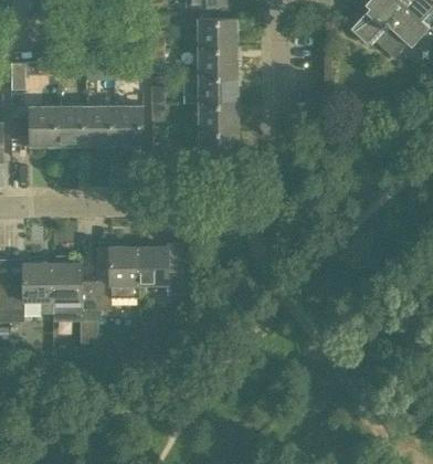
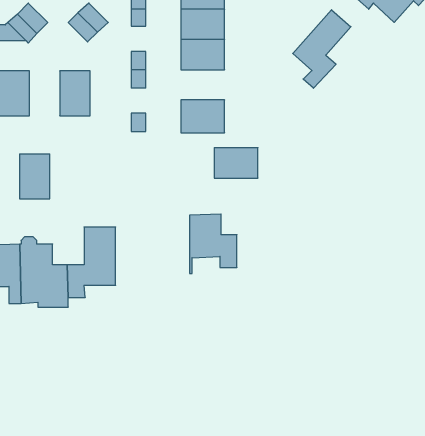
building: none -> [293,10,351,88]
building: [197,104,236,131] -> [214,148,258,178]
building: [59,105,86,146] -> [20,154,50,199]
building: [114,105,142,146] -> none
building: [137,246,180,300] -> [190,214,237,273]

